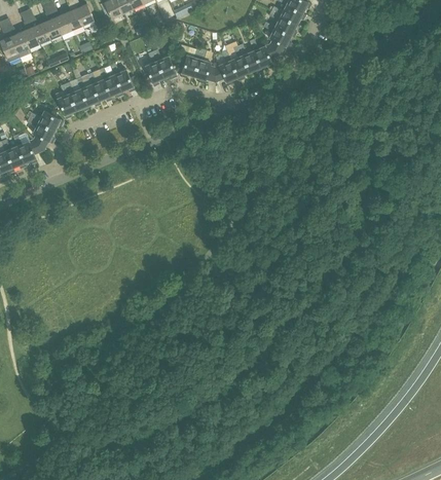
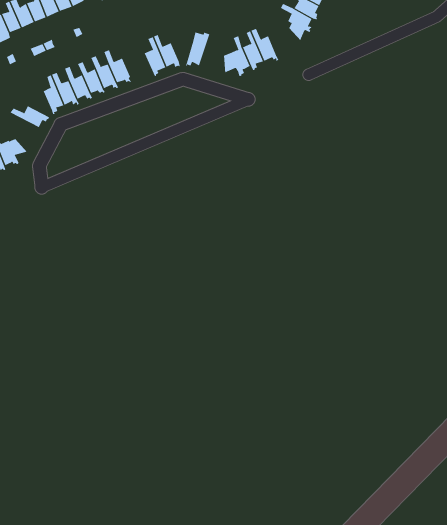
building: [250,39,281,68] -> none
building: [193,49,215,84] -> none
building: [27,117,54,151] -> none

